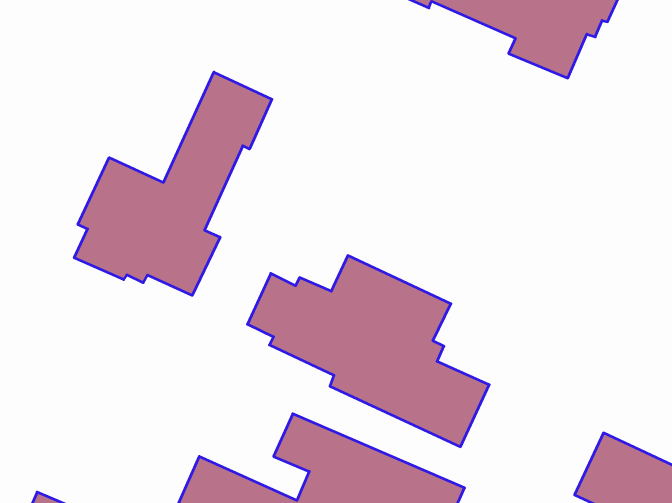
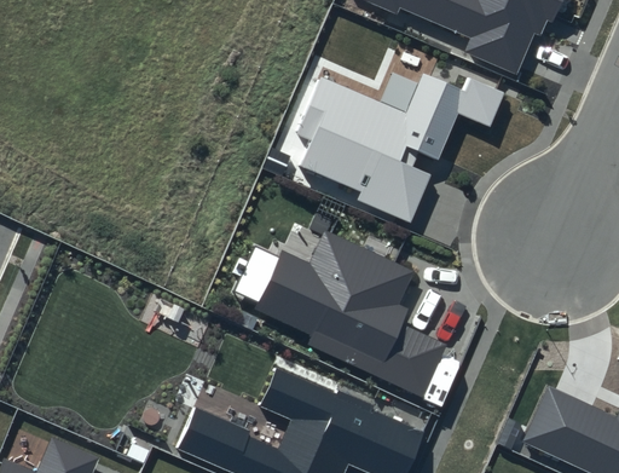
building: [74,72,272,295] -> none
building: none -> [296,74,505,220]

